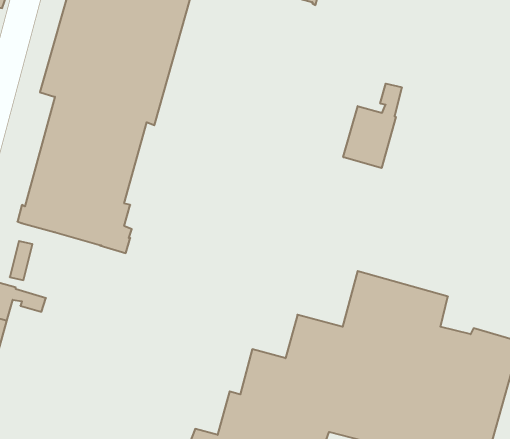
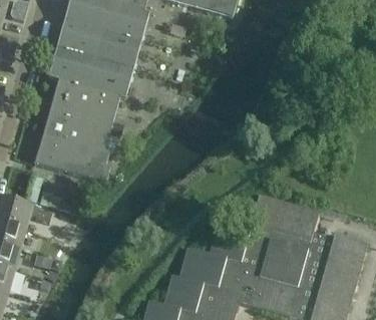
building: [343,84,402,168] -> none

